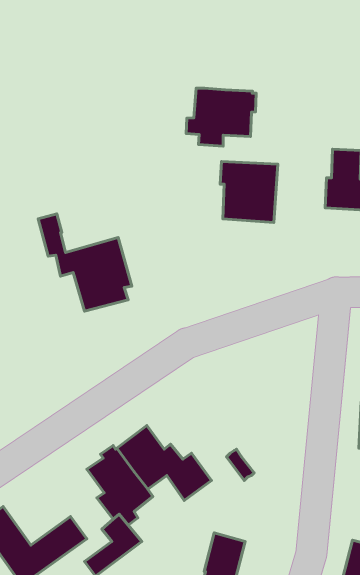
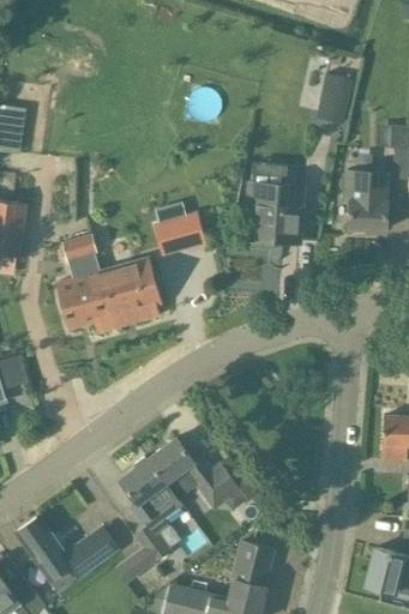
building: none -> [315,74,351,124]
building: [186,88,256,146] -> none
building: none -> [152,212,206,257]
building: none -> [55,239,118,333]

